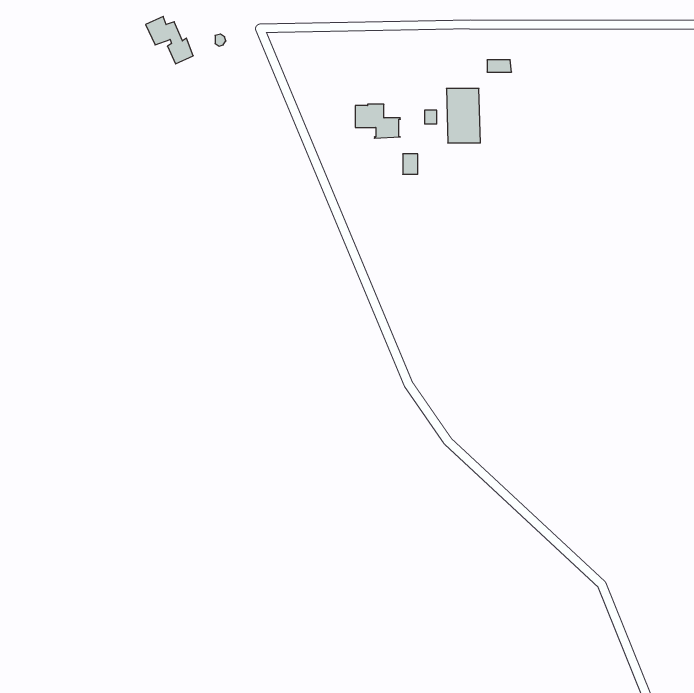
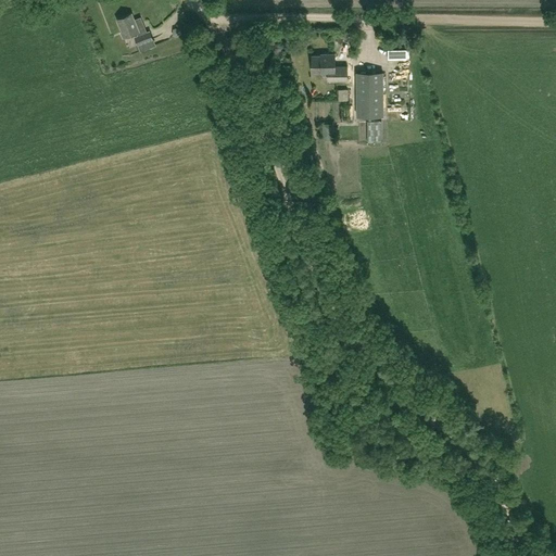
building: [355,104,400,138] -> [311,55,346,83]

